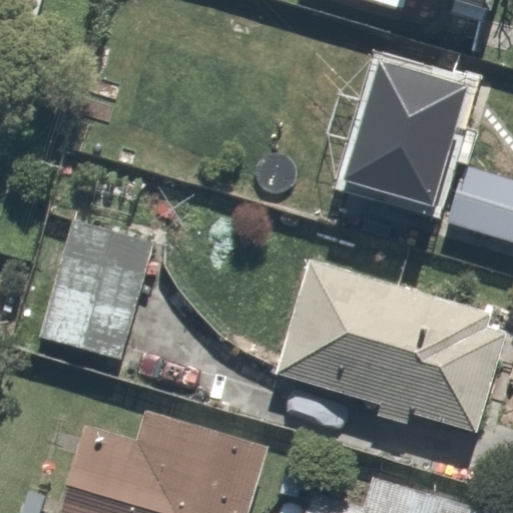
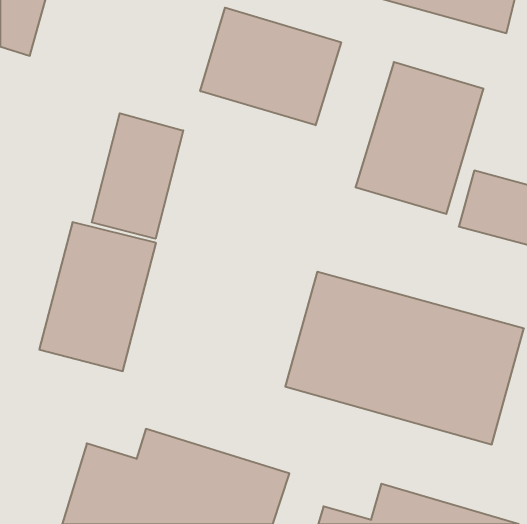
building: none -> [200,8,341,125]
building: none -> [92,113,183,239]

